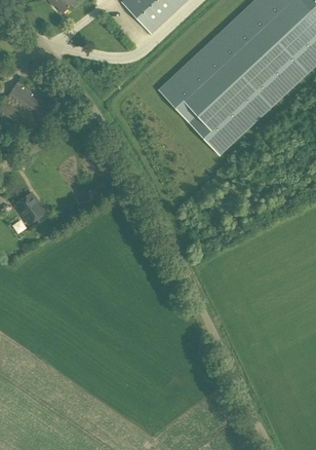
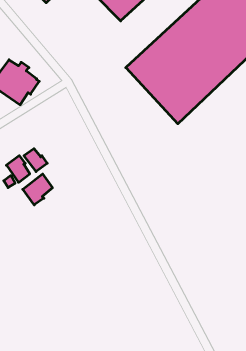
building: none -> [24,149,47,172]
building: none -> [23,174,52,205]

